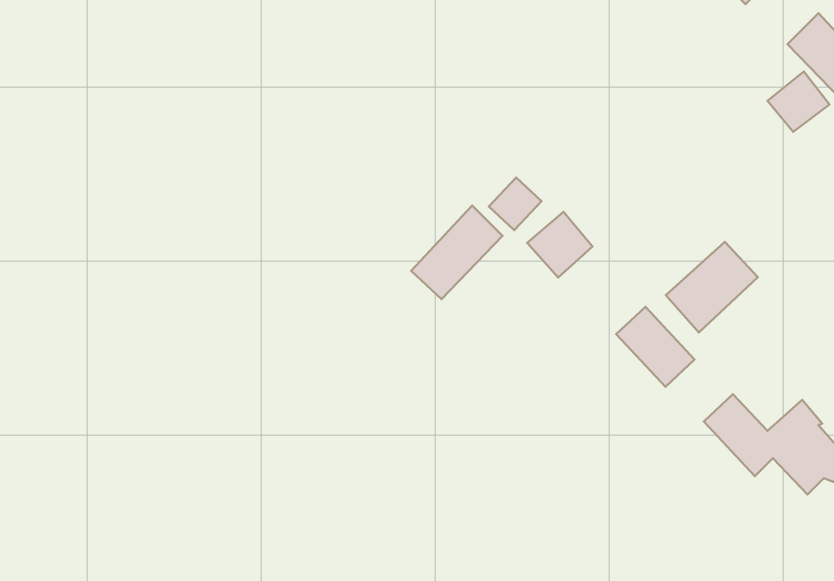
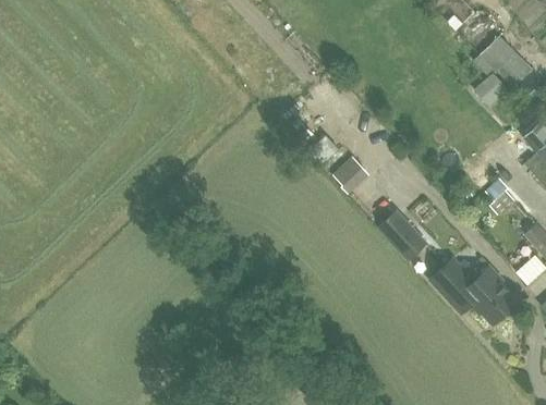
building: [411,205,502,299] -> none
building: [666,242,758,332] -> none

